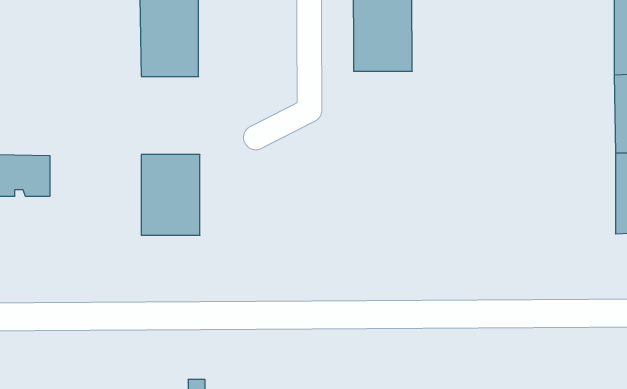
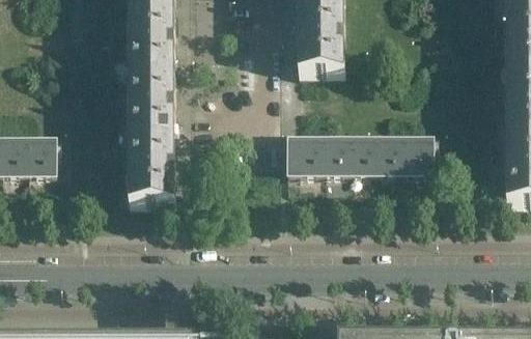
building: none -> [128,81,174,143]
building: none -> [286,143,431,175]

